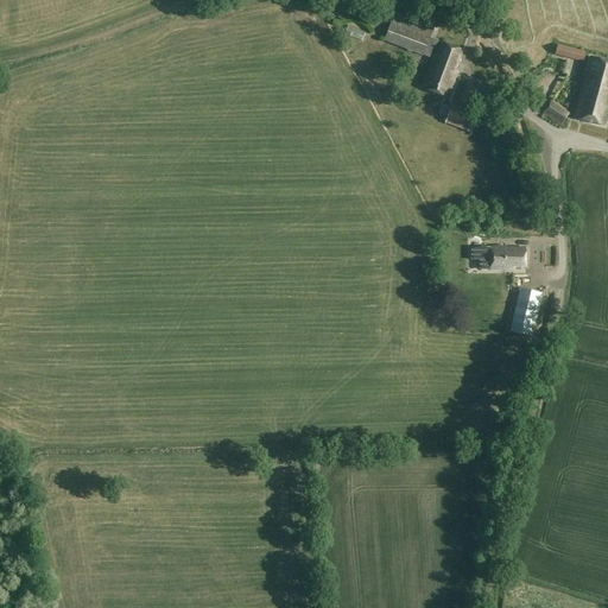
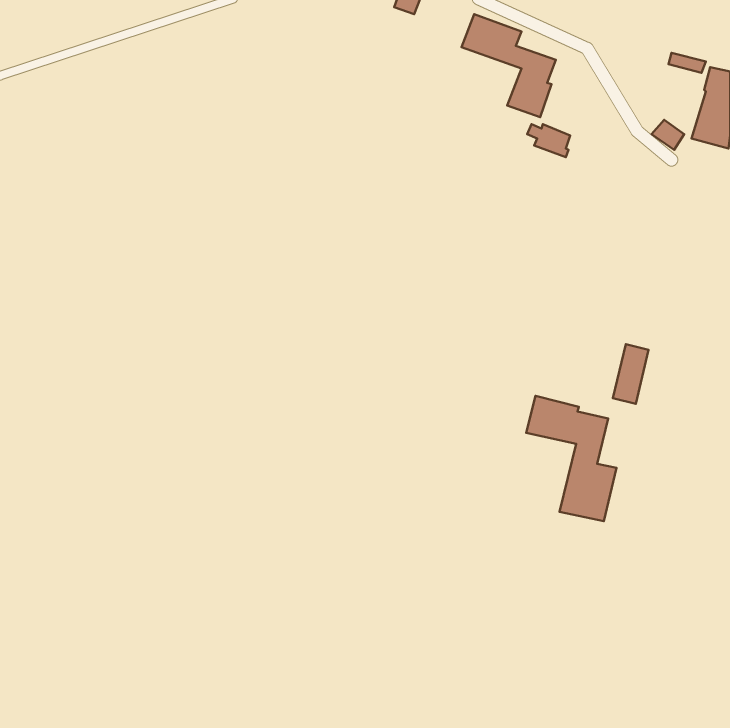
building: [481,247,526,270] -> none
building: none -> [526,396,617,521]

